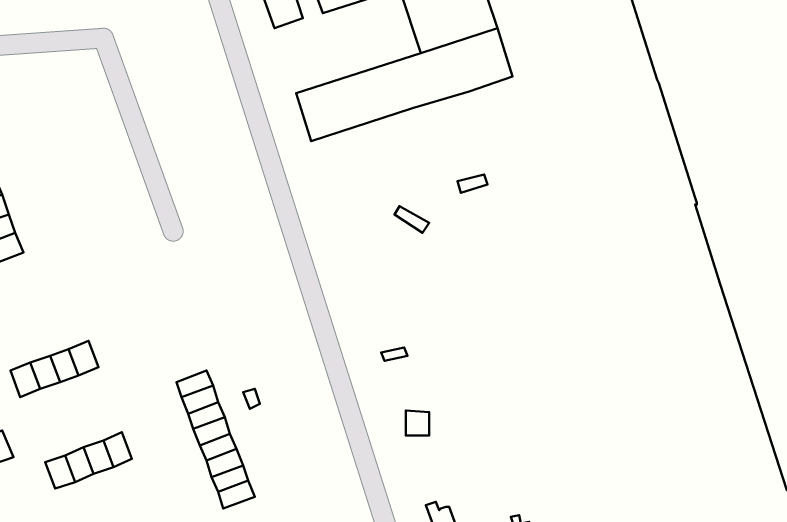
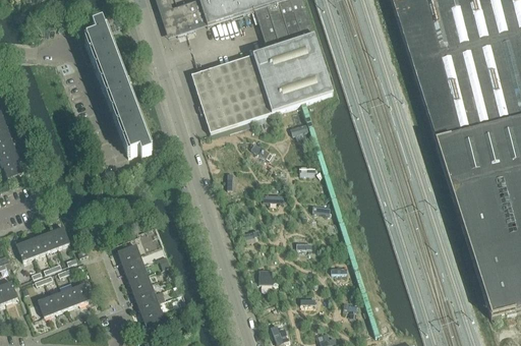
building: none -> [84,22,153,157]
building: none -> [198,63,333,132]

